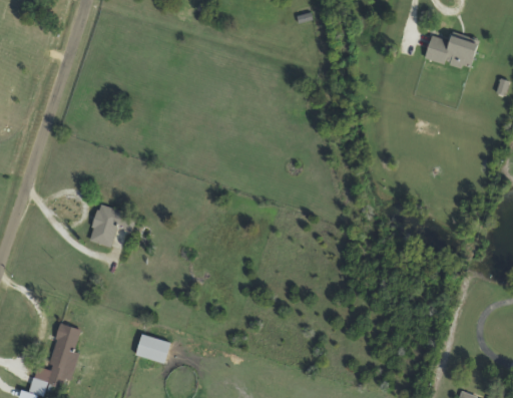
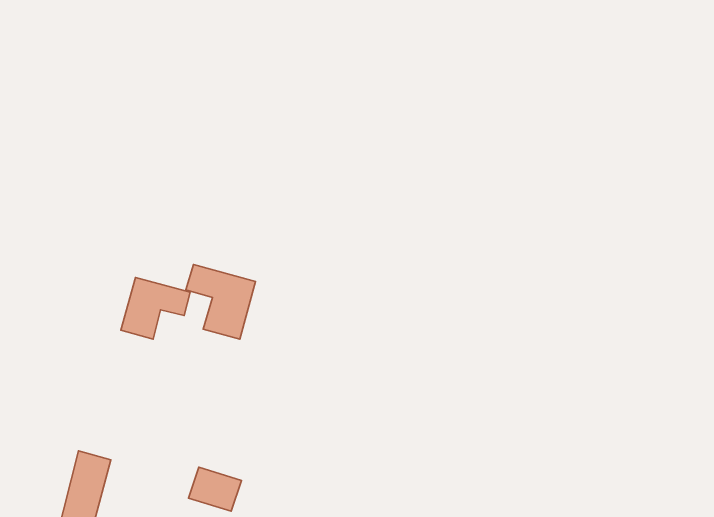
building: [424,33,478,69] -> none
building: none -> [186,264,255,339]

